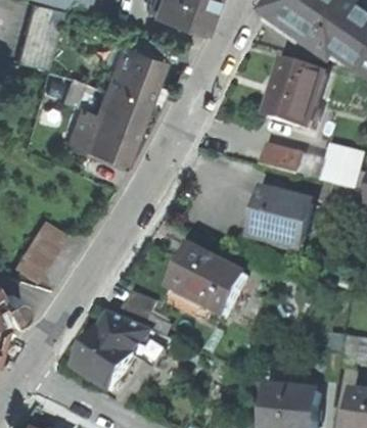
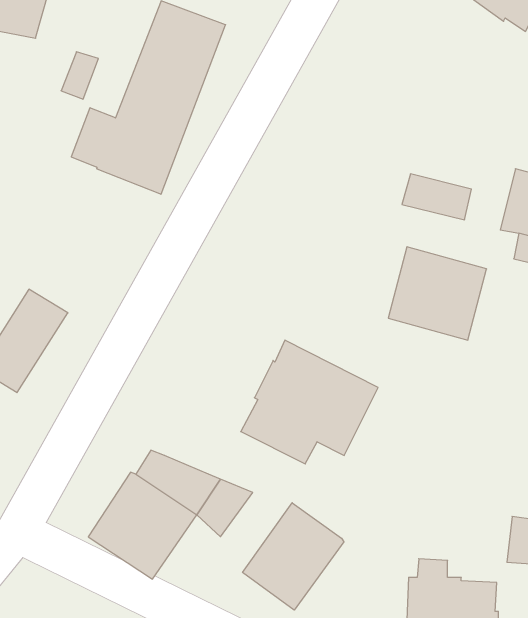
building: [268,59,326,127] -> none
building: [119,289,156,326] -> none
building: none -> [243,503,344,610]

